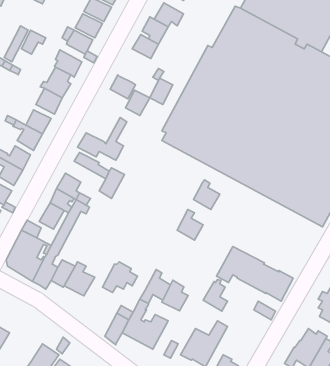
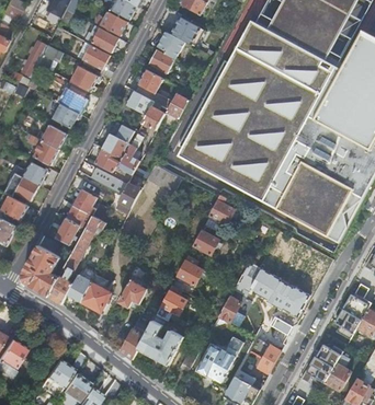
building: none -> [135,69,163,97]
building: none -> [102,125,133,157]
building: [162,280,188,311] -> [177,254,203,285]
building: none -> [250,337,282,372]

